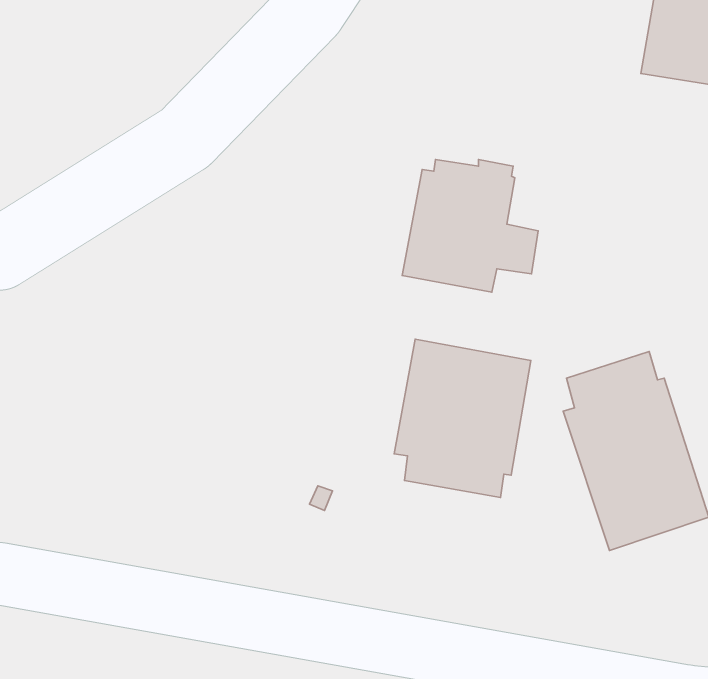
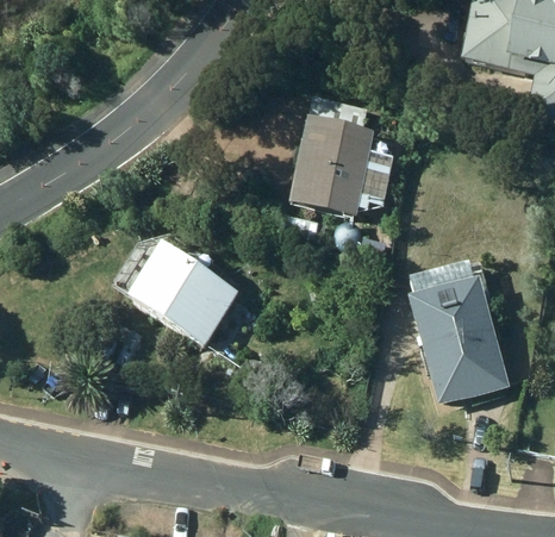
building: none -> [126,244,237,345]
building: [394,339,531,497] -> none

